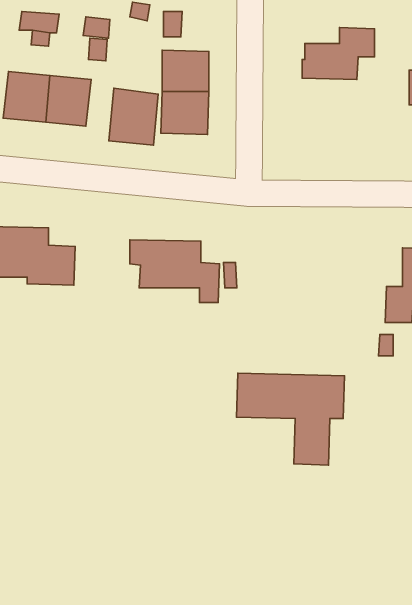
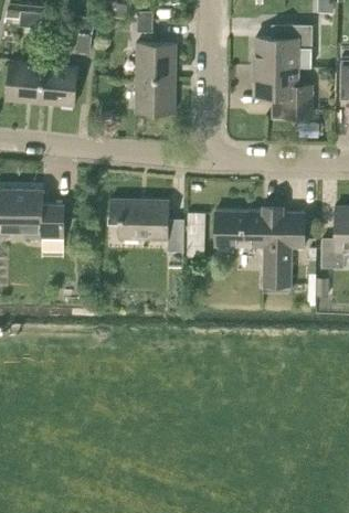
building: none -> [252,66,310,118]
building: [109,88,158,145] -> none
building: [236,373,345,465] -> [214,210,304,286]

